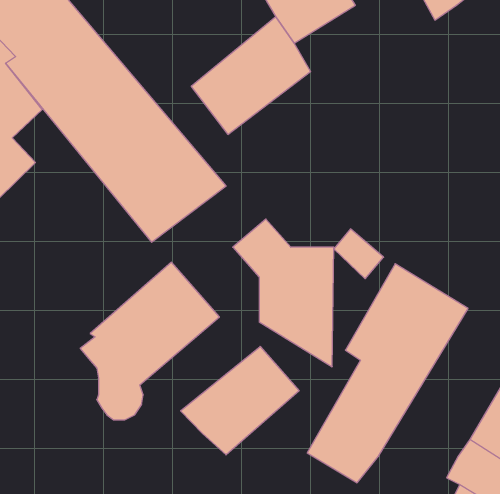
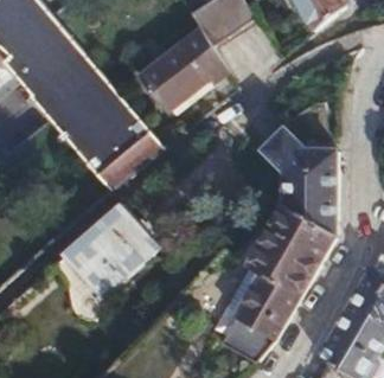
building: [233,219,334,367] -> [264,132,337,237]
building: [181,346,299,455] -> none

